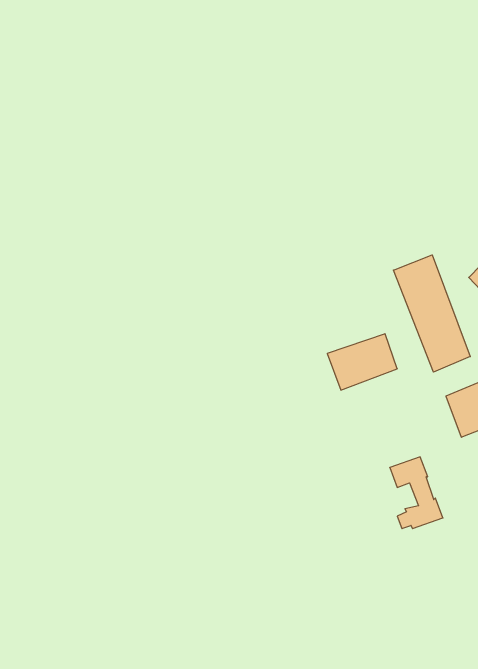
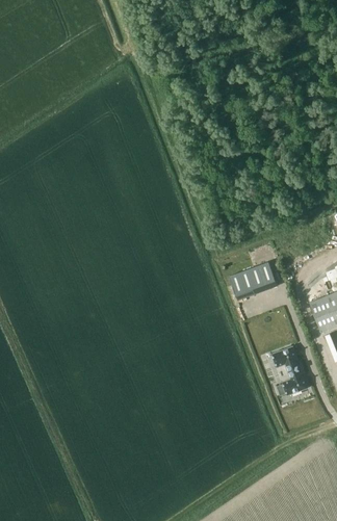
building: [393,255,470,372] -> none

